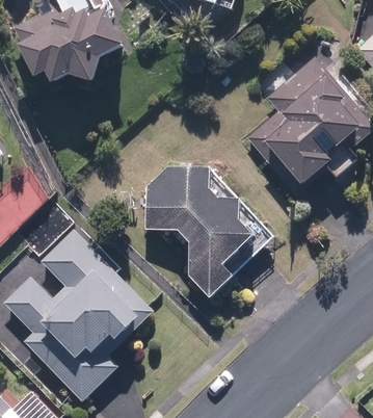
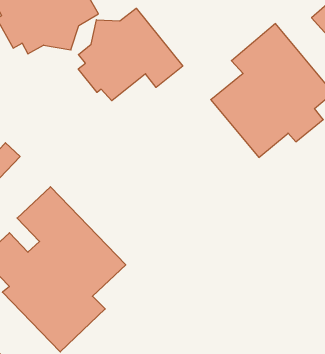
building: none -> [78,8,183,101]
building: [141,162,275,297] -> none

